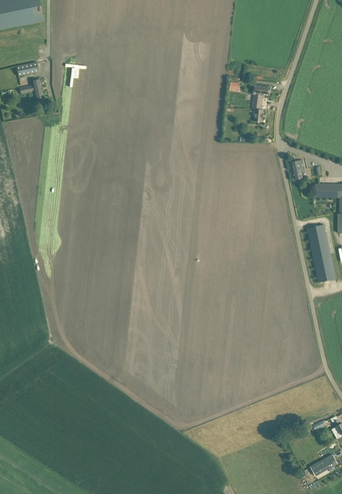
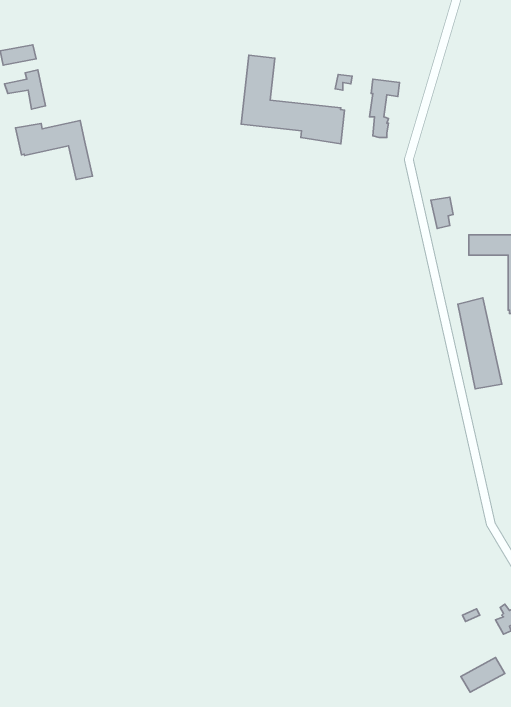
building: none -> [241,55,345,144]
building: none -> [16,121,92,180]

